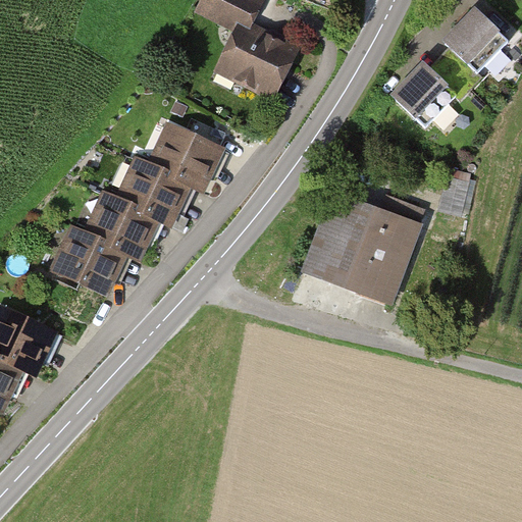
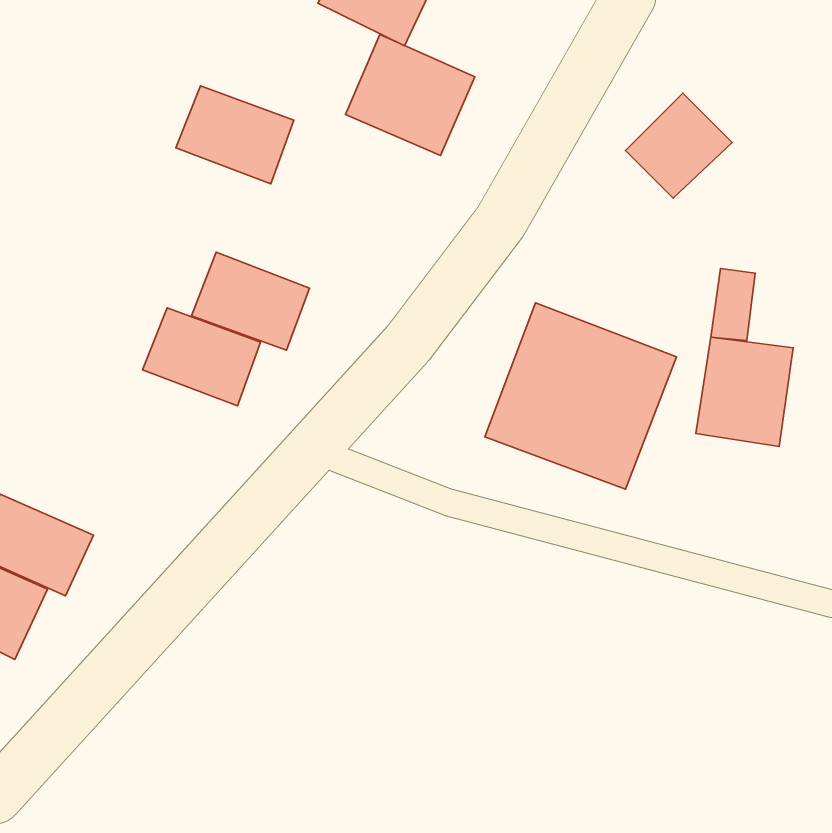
building: [445,7,508,70] -> none
building: [150,123,223,185] -> [176,86,294,184]
building: none -> [696,337,793,447]
building: [53,224,127,285] -> none

